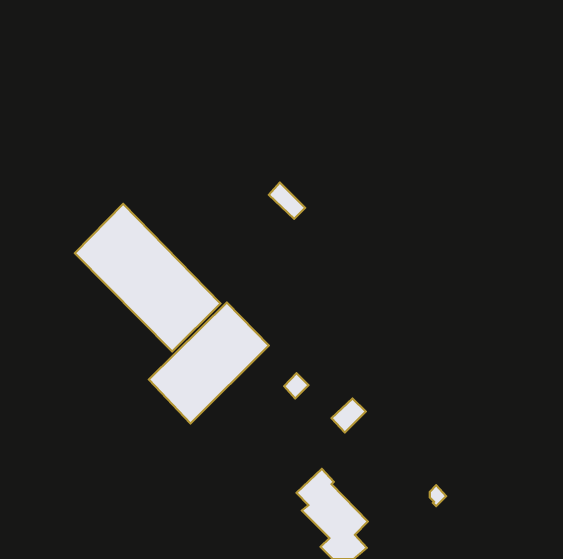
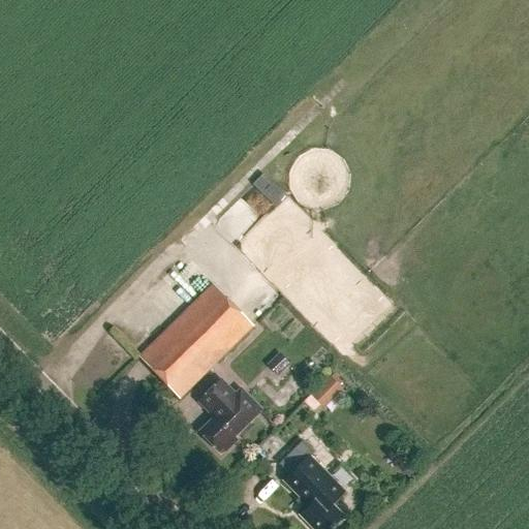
building: [75,204,220,352] -> none
building: none -> [199,379,259,450]

